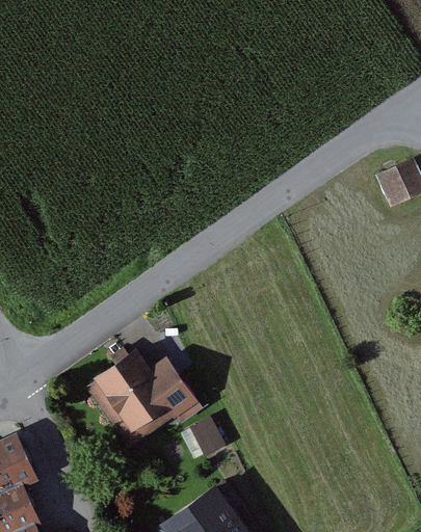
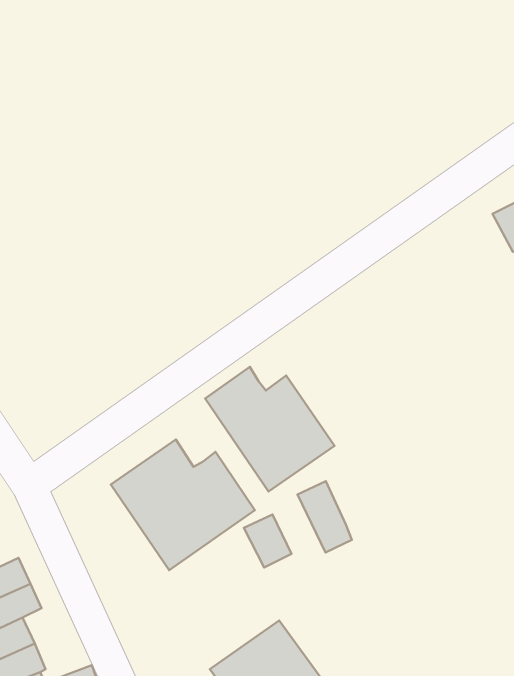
building: none -> [205,367,334,492]
building: none -> [298,481,352,553]

